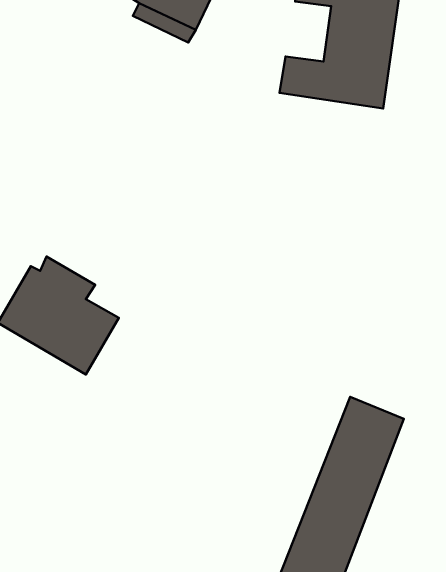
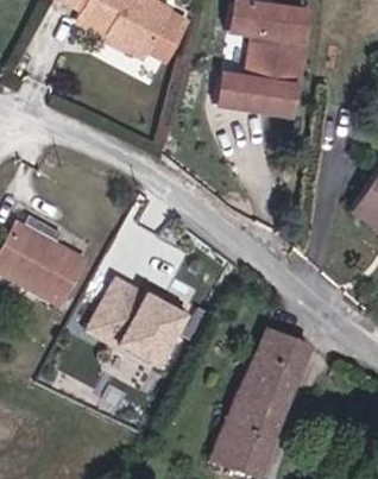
building: none -> [88,272,193,366]

